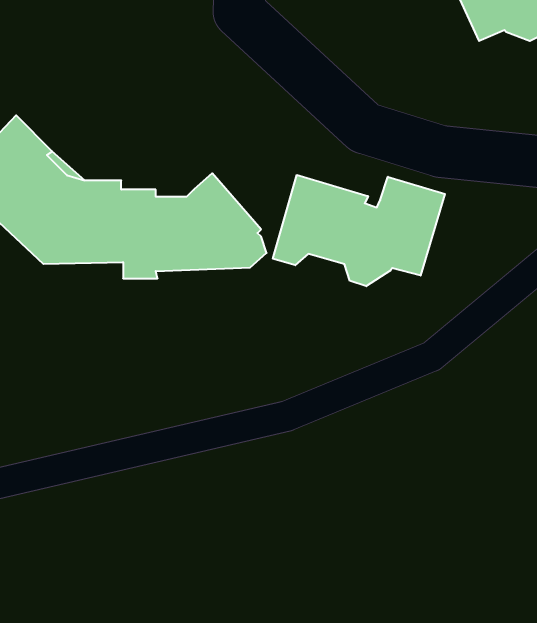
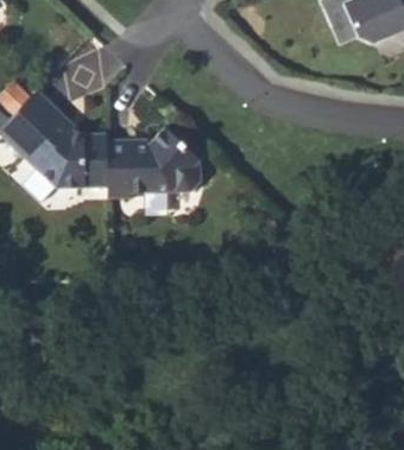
building: [273,175,445,286] -> none

